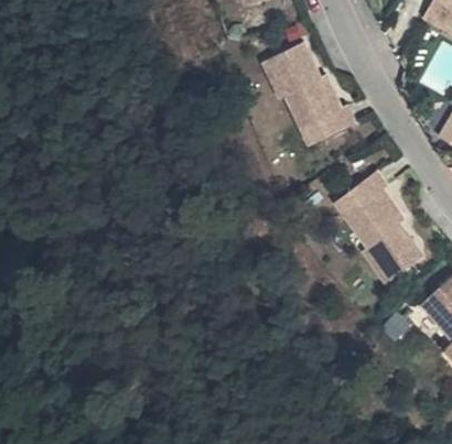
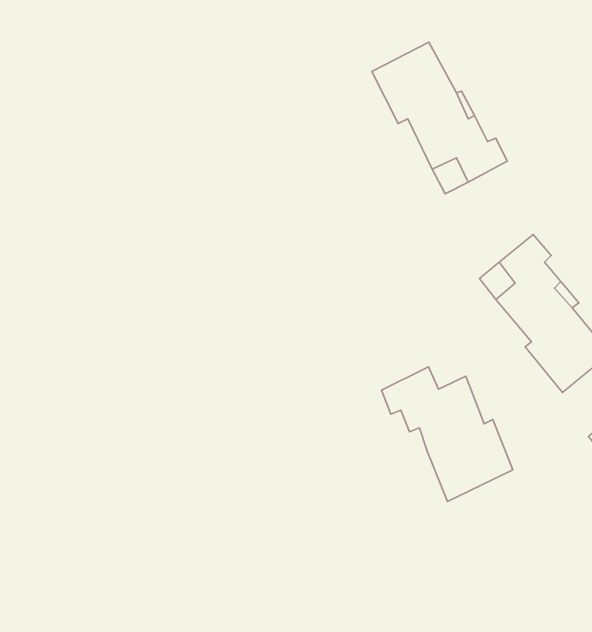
building: none -> [382,367,513,501]

